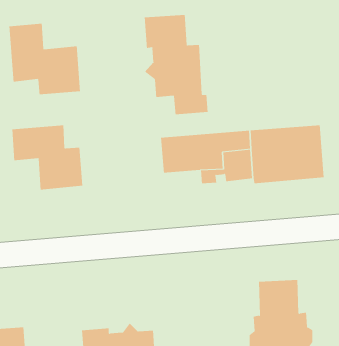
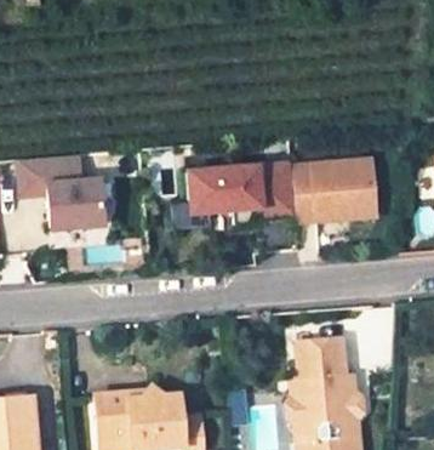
building: [144,14,208,115] -> none
building: [9,23,80,95] -> none

